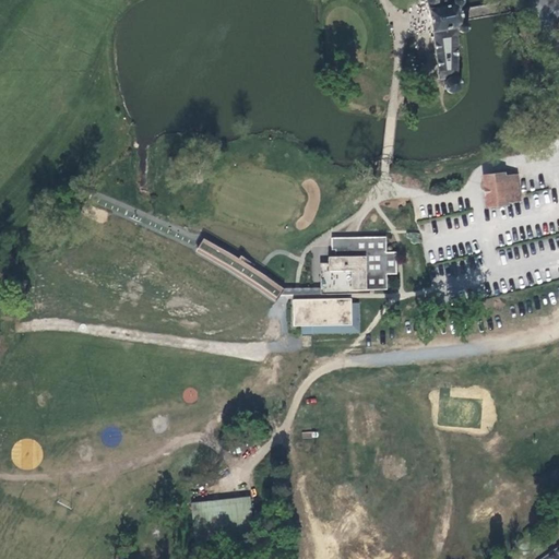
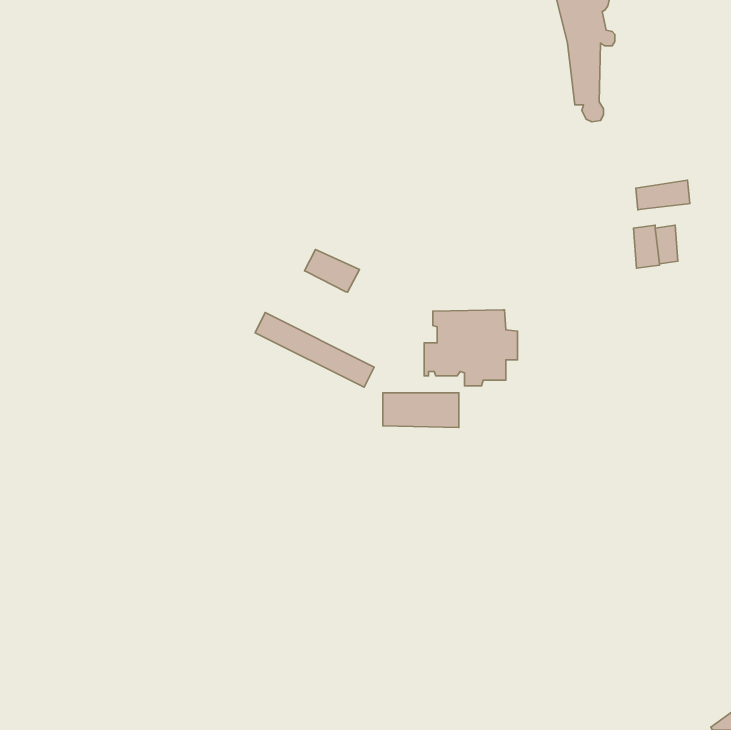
building: none -> [636,180,690,210]
building: none -> [304,250,359,292]
building: [192,496,253,528] -> none

